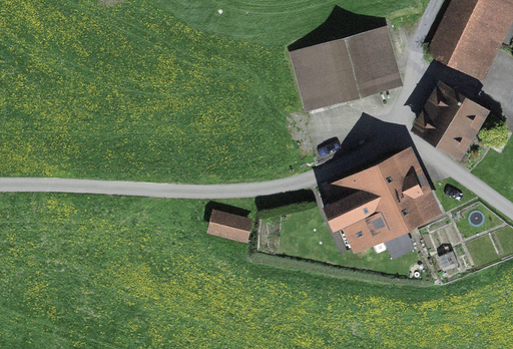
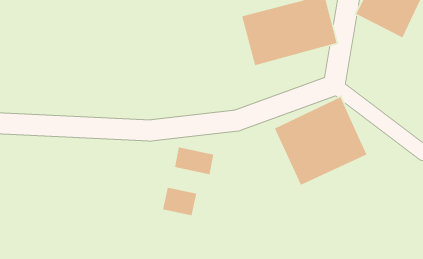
building: [405,74,496,158] -> none
building: none -> [162,187,197,216]

